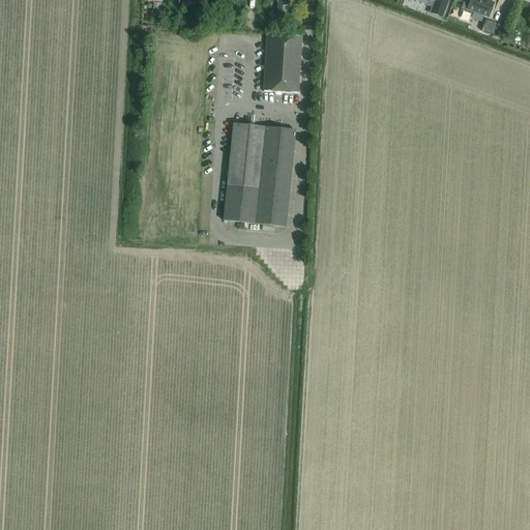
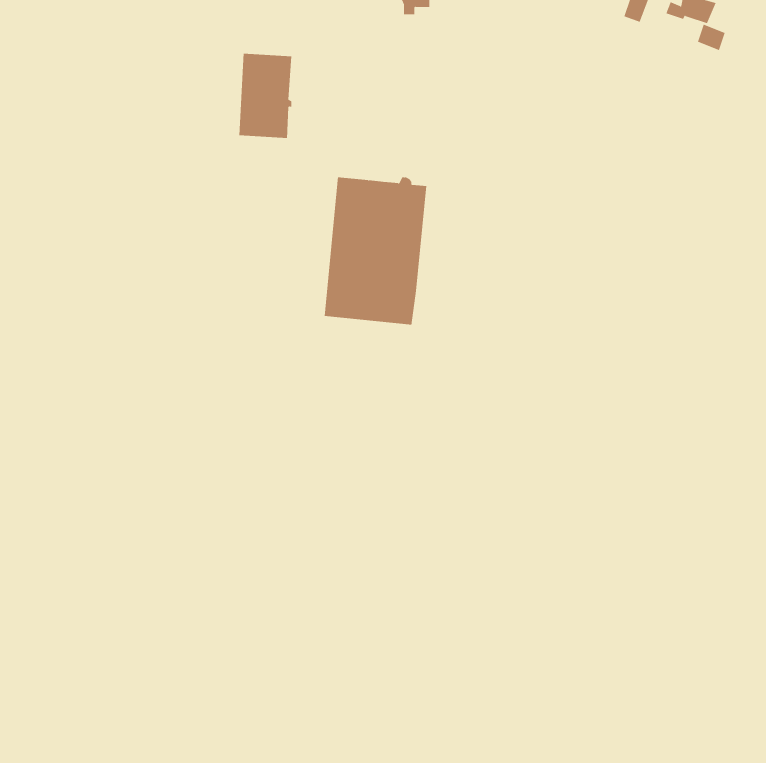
building: [264,33,301,92] -> [238,53,292,139]

